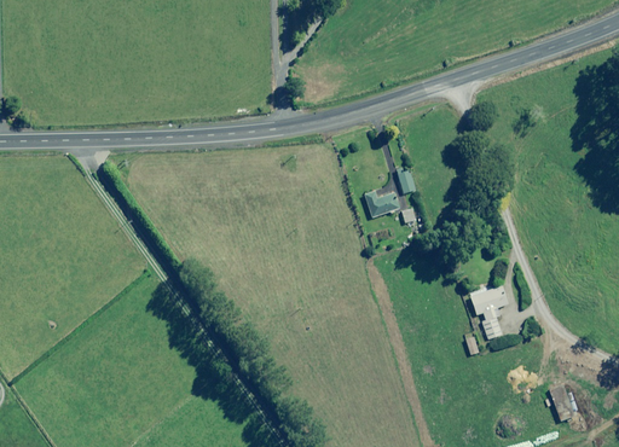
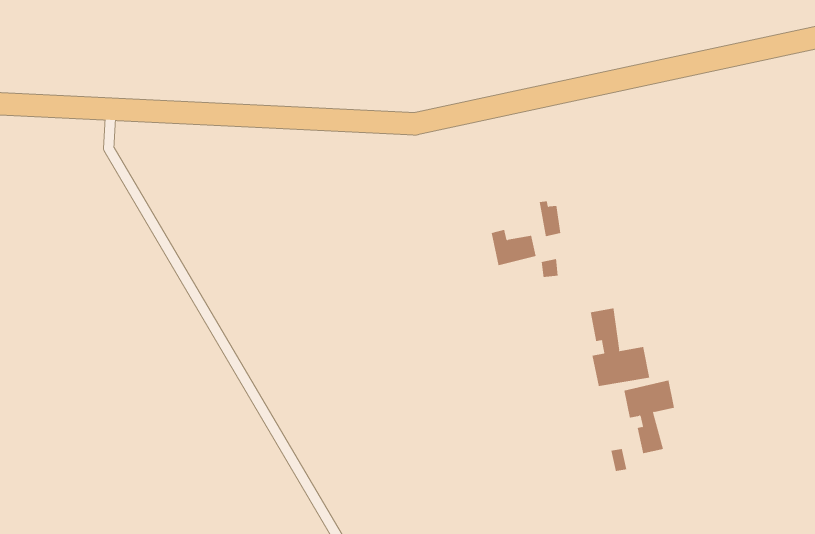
building: none -> [590,308,650,387]

